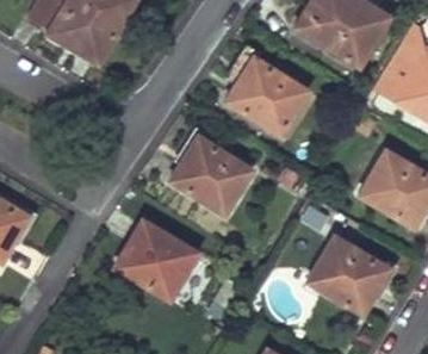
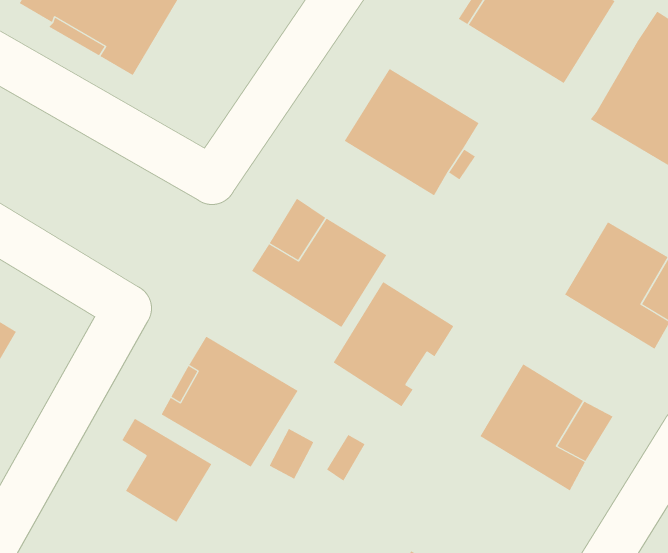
building: none -> [333,281,454,407]
building: none -> [122,418,212,523]

